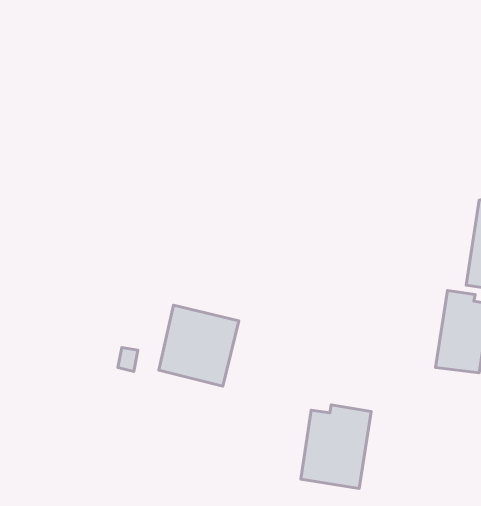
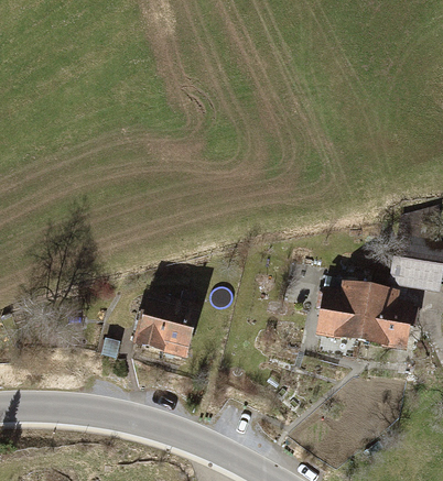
building: [301,405,371,489] -> [315,278,374,348]

